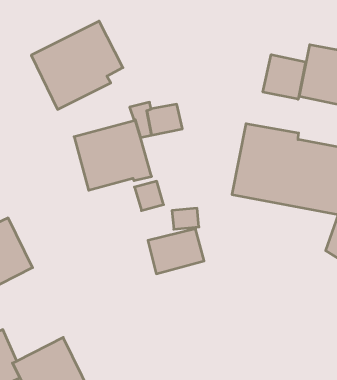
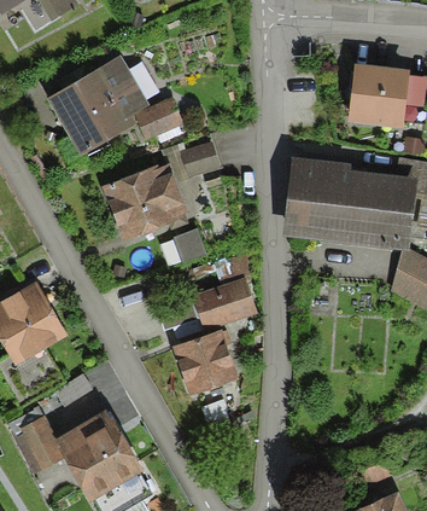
building: [263,55,305,99] -> none
building: none -> [133,97,183,139]
building: none -> [172,327,240,396]

